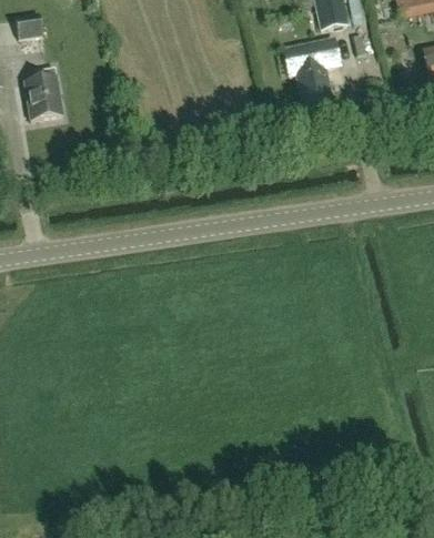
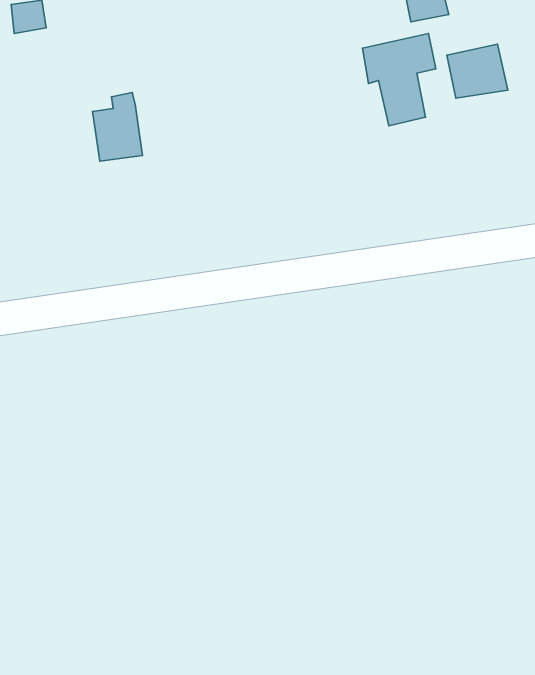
building: none -> [447,44,508,98]
building: [24,65,62,118] -> [93,93,142,161]

